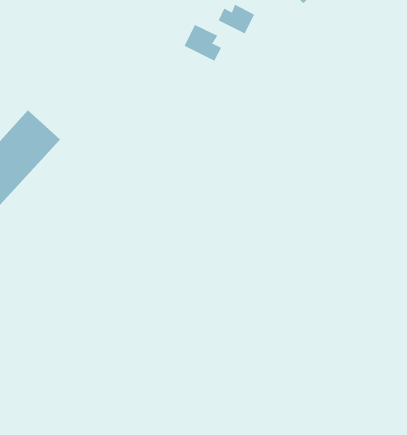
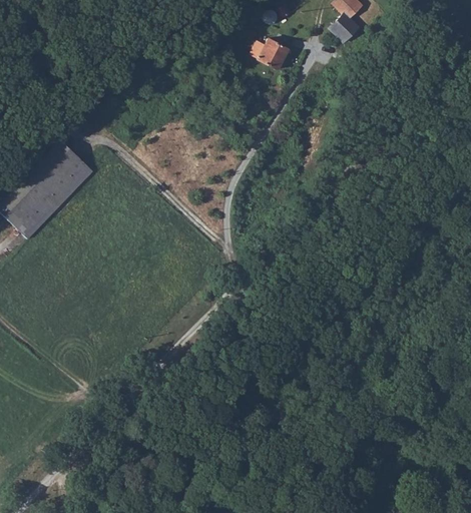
building: [184,24,222,61] -> none

